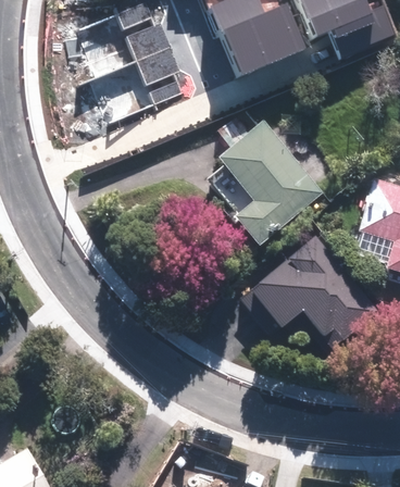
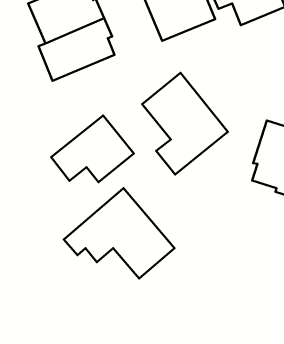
building: none -> [51,116,134,182]
building: [239,235,378,348] -> [64,188,175,278]

